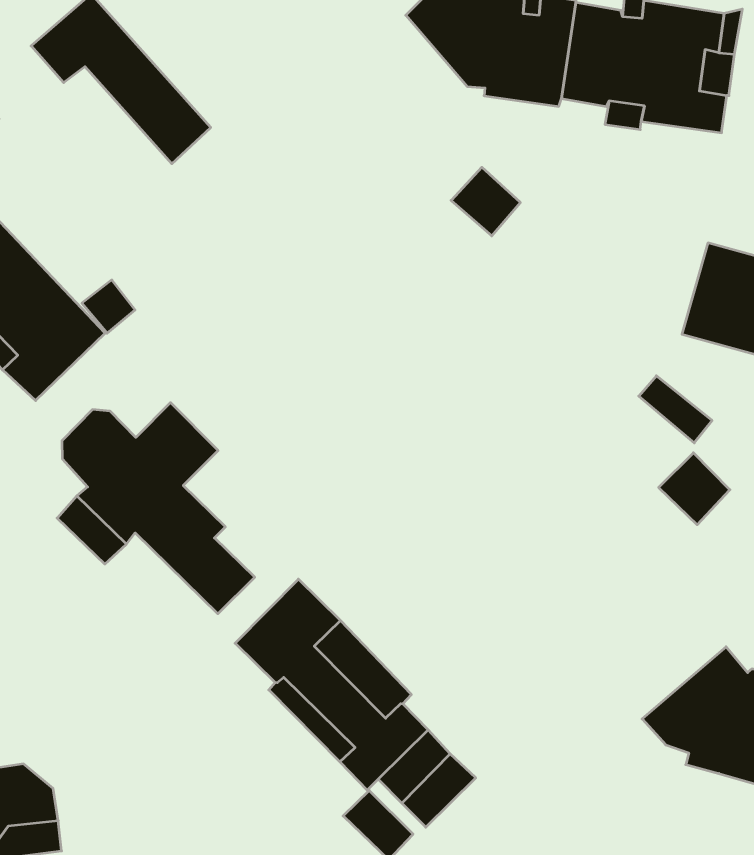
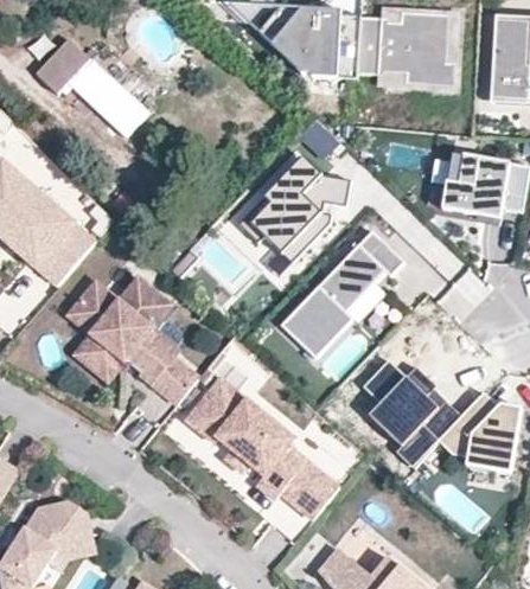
building: none -> [235,156,347,264]
building: none -> [277,231,401,358]
building: none -> [362,360,458,465]

